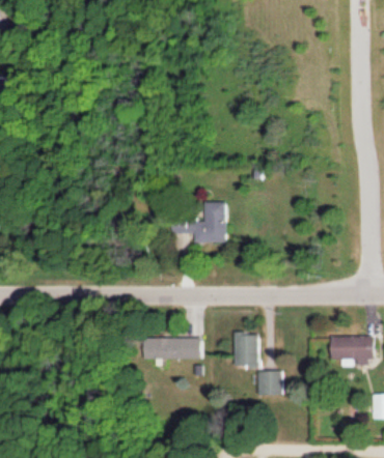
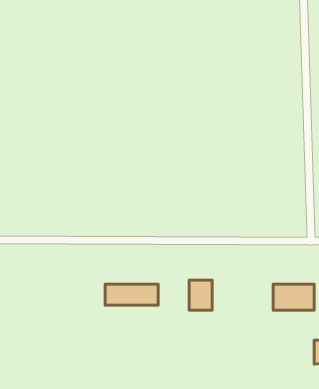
building: [177,209,224,242] -> none
building: [255,370,281,393] -> none

